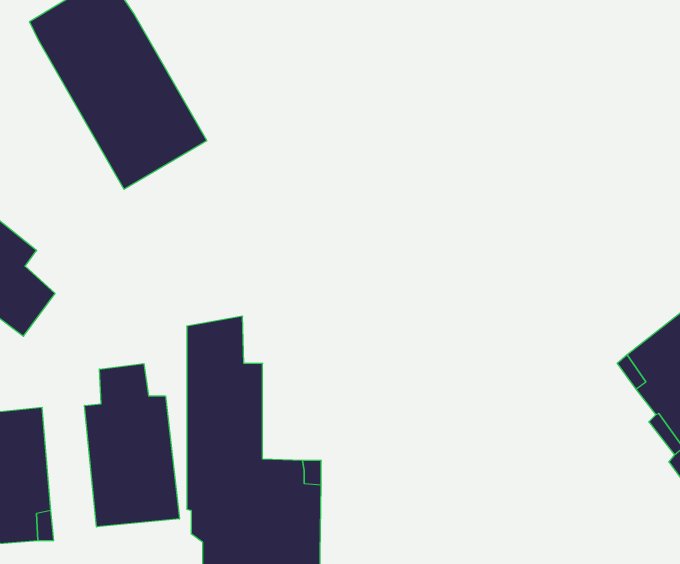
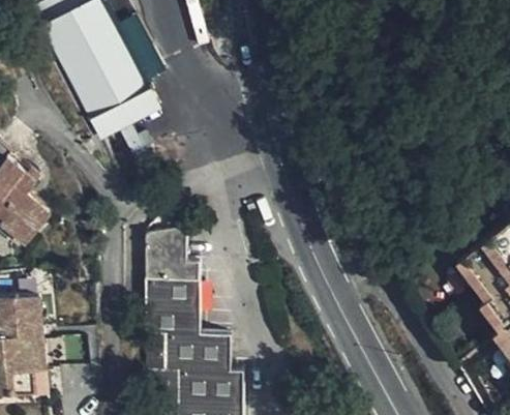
building: [85,364,179,527] -> none

